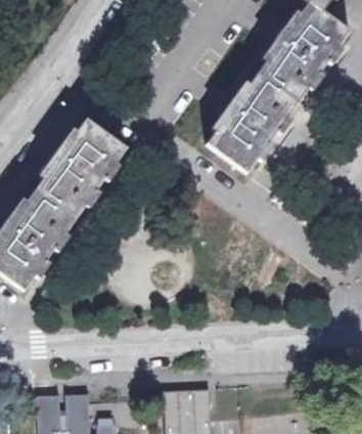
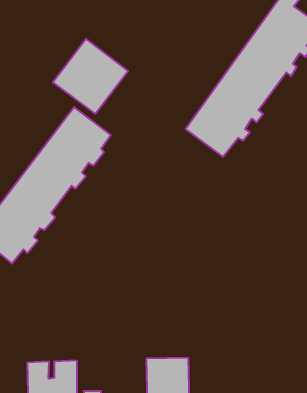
building: none -> [53,39,128,114]

